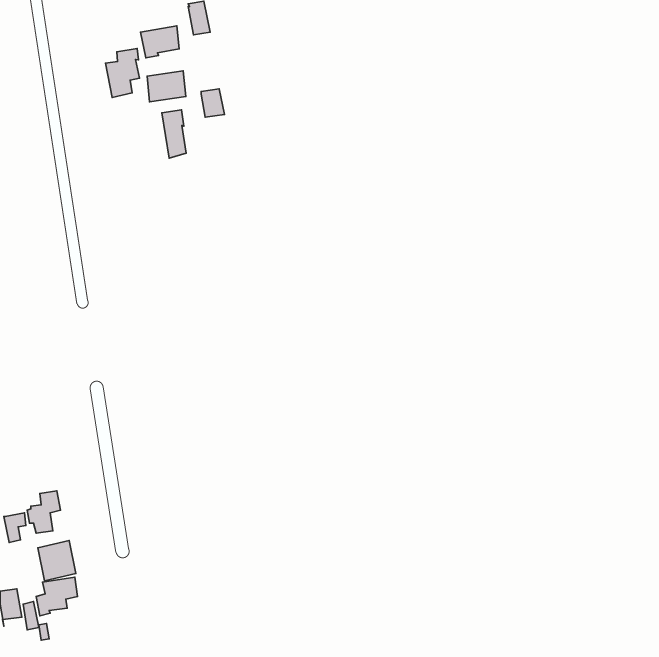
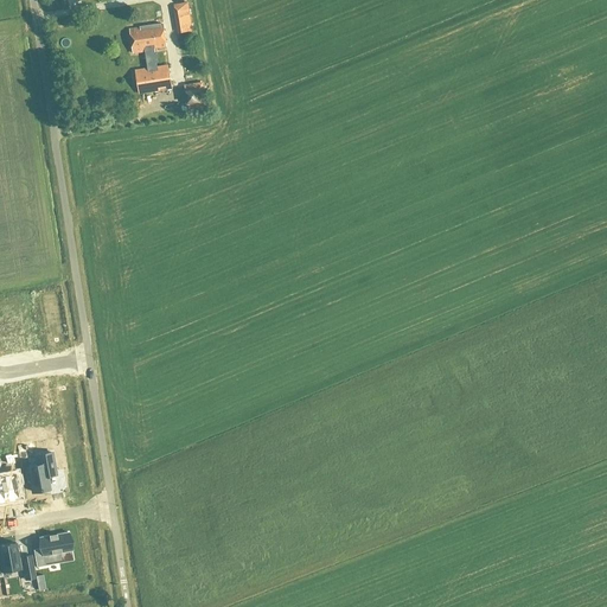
building: [105,48,140,97] -> none
building: [162,110,186,158] -> none
building: [38,540,76,581] -> none

